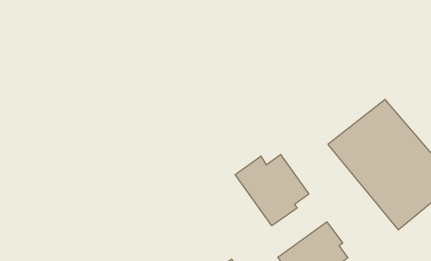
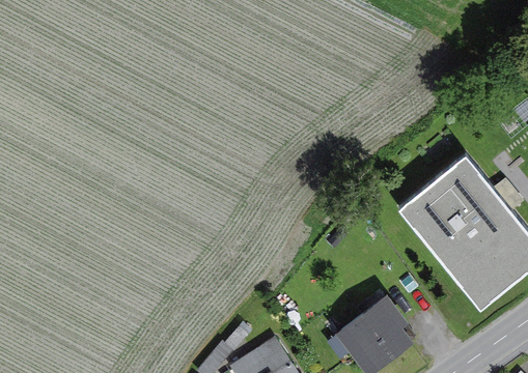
building: [235,154,309,226] -> none

